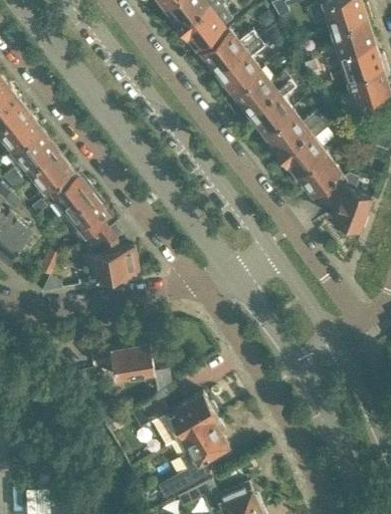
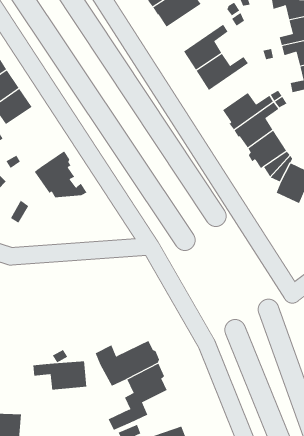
building: [200,30,259,73] -> none
building: [248,80,298,135] -> none
building: [27,148,72,192] -> none
building: [52,174,94,214] -> none
building: [82,241,138,284] -> none
building: [92,345,155,380] -> [33,361,87,390]

